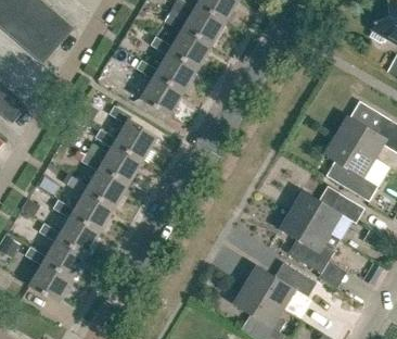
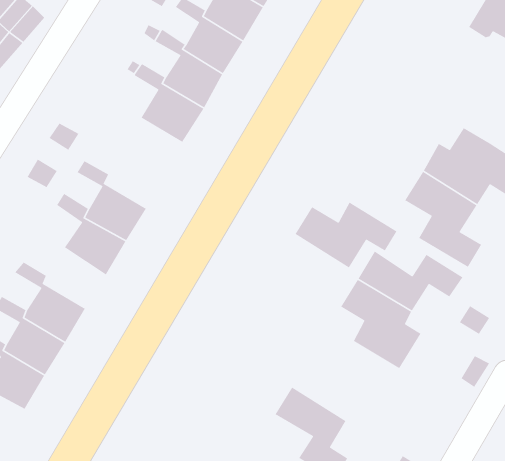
building: [110,104,158,161] -> none
building: [67,175,116,230] -> none
building: [245,262,317,309] -> [295,202,398,269]

